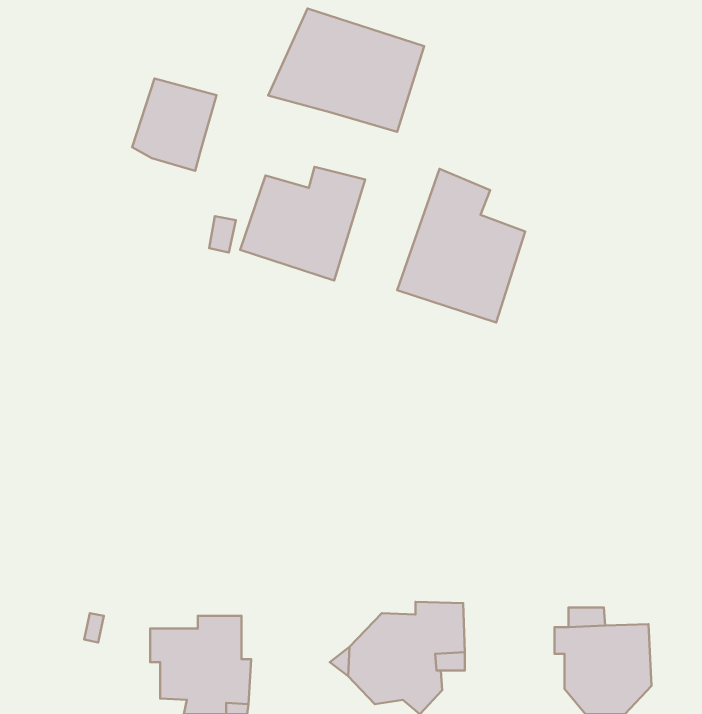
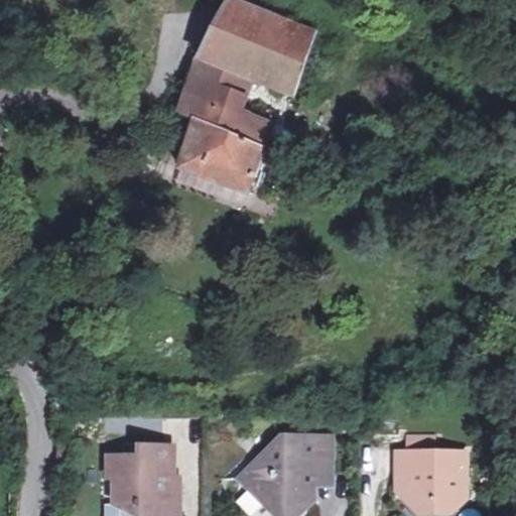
building: [132,78,216,171] -> [176,69,237,135]
building: [397,169,525,322] -> none

